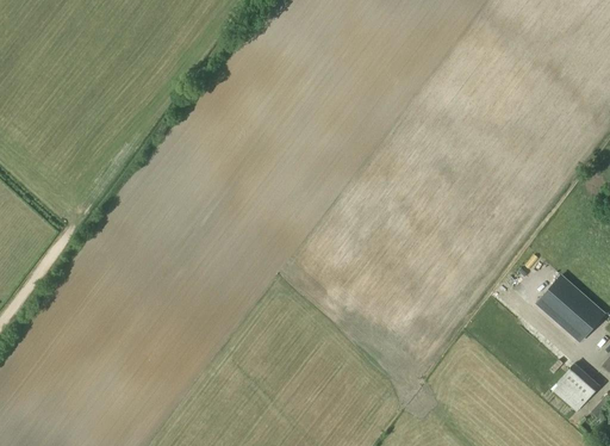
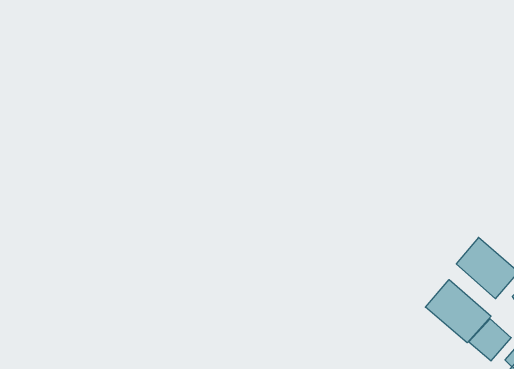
building: none -> [425,280,491,343]

